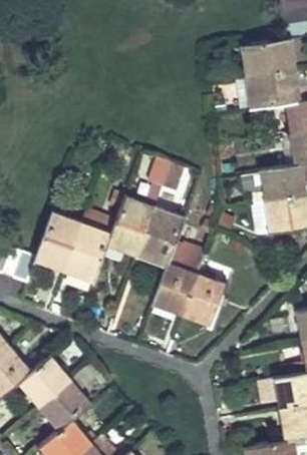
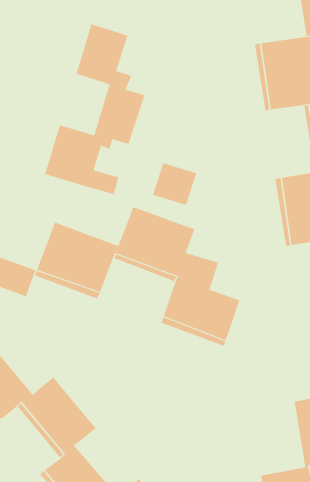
building: none -> [44,24,145,195]

